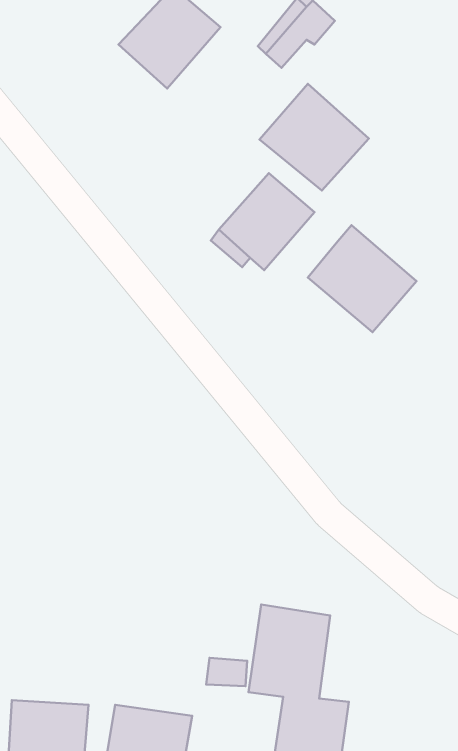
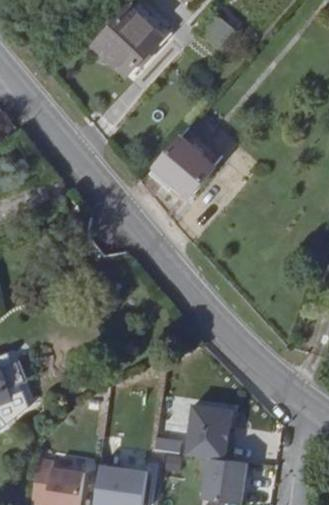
building: [260,84,369,191] -> none
building: [308,225,416,332] -> none

